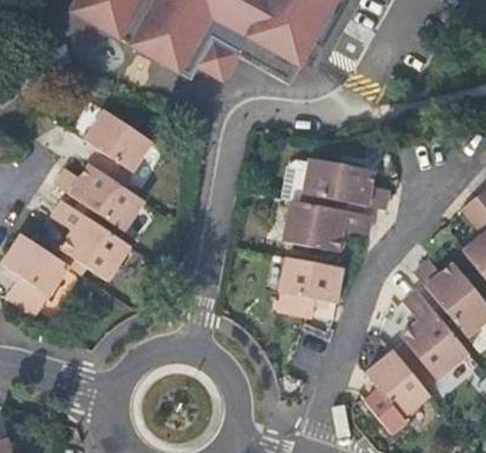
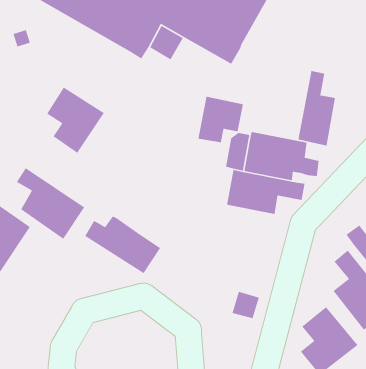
building: none -> [298,70,336,146]
building: none -> [197,96,244,143]
building: [56,163,142,228] -> [84,215,161,274]
building: [277,256,343,318] -> none

